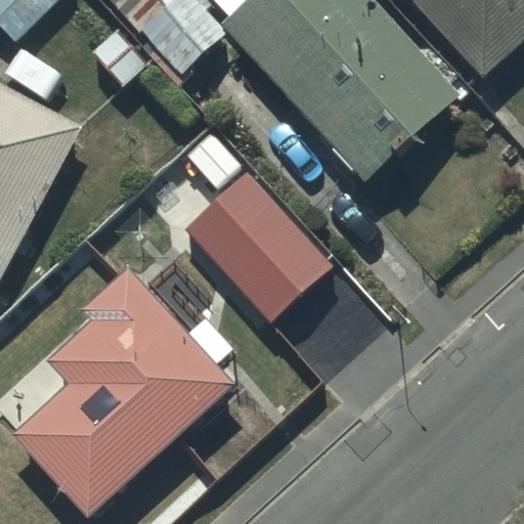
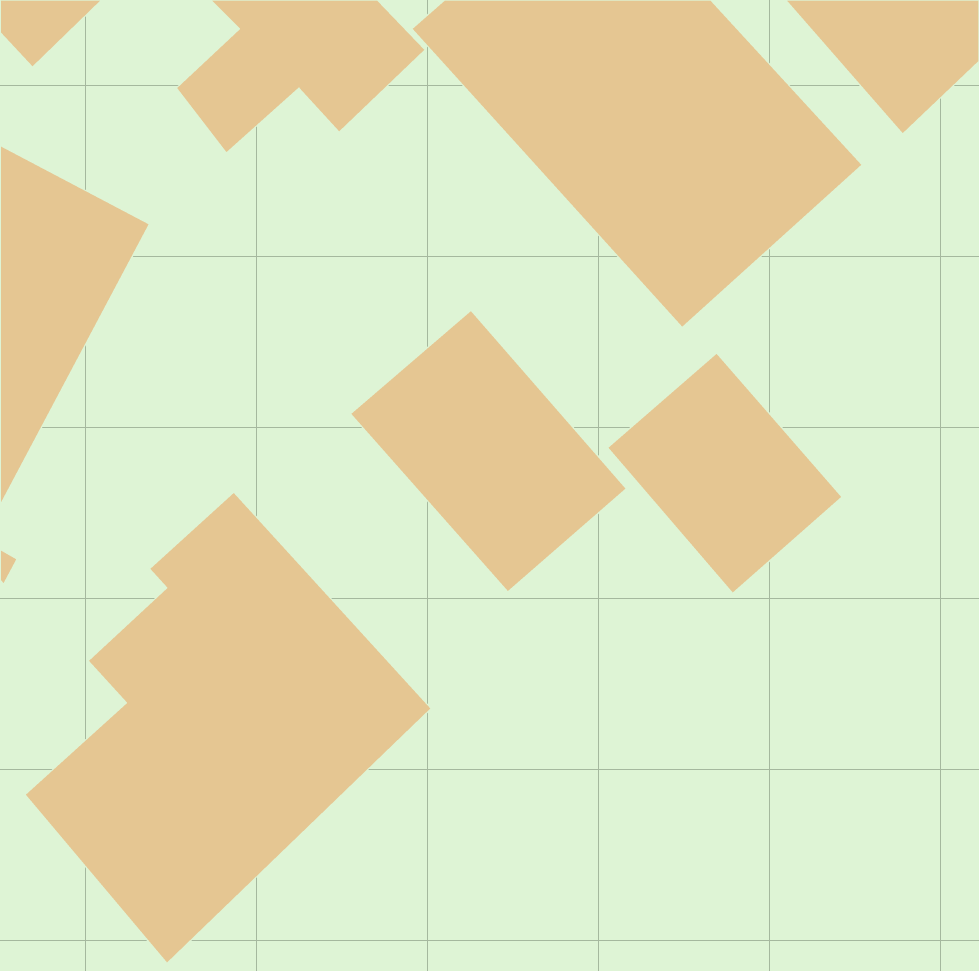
building: none -> [608,353,842,593]

